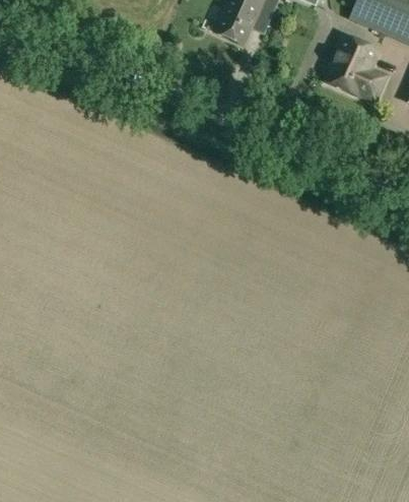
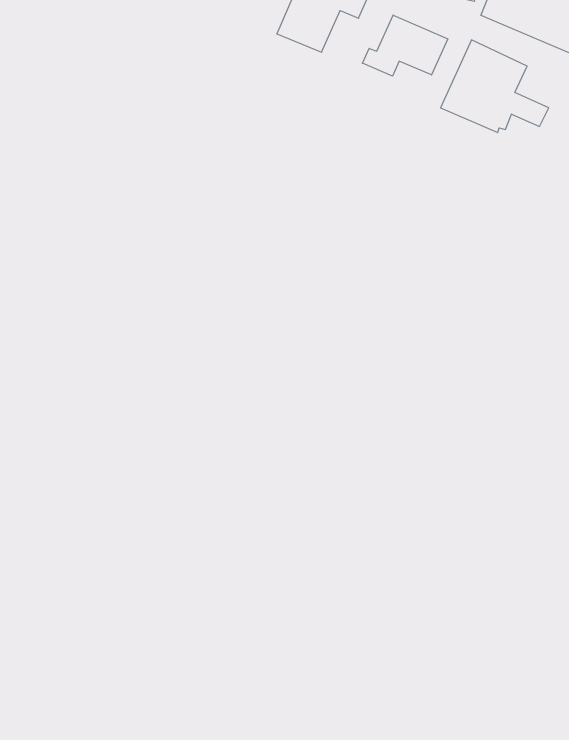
building: none -> [362,15,448,76]

